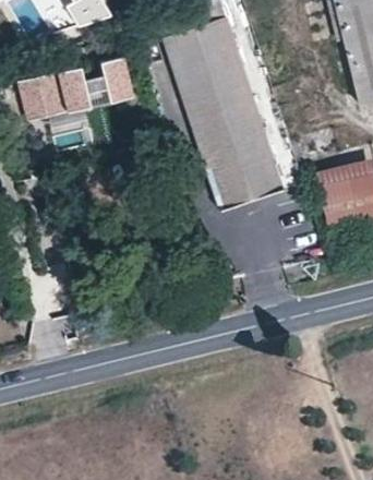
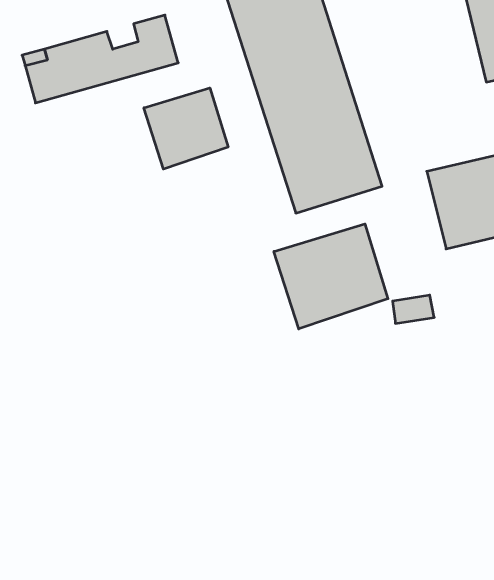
building: none -> [144,88,228,169]
building: none -> [274,224,388,329]

